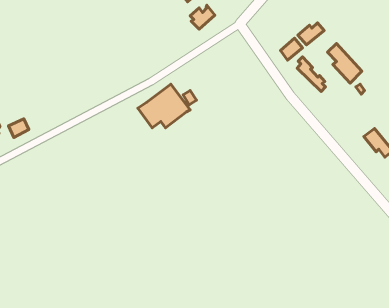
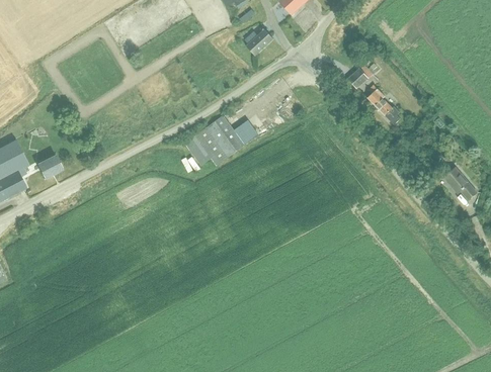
building: [298,23,324,45] -> none
building: [327,43,362,83] -> none

